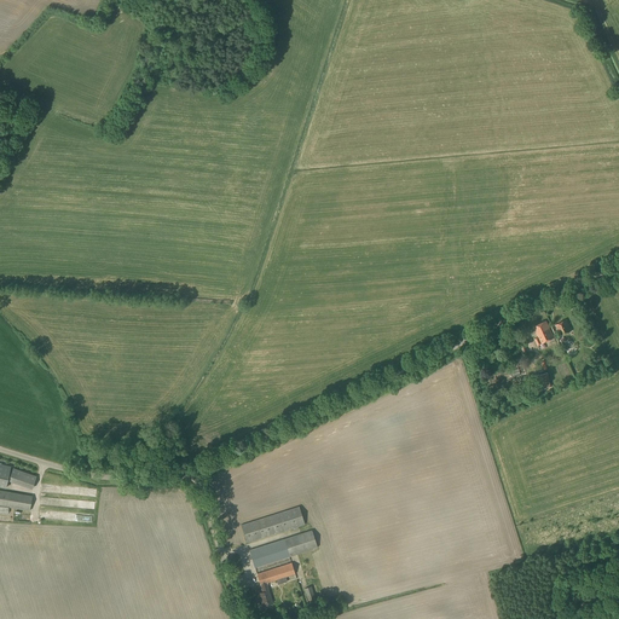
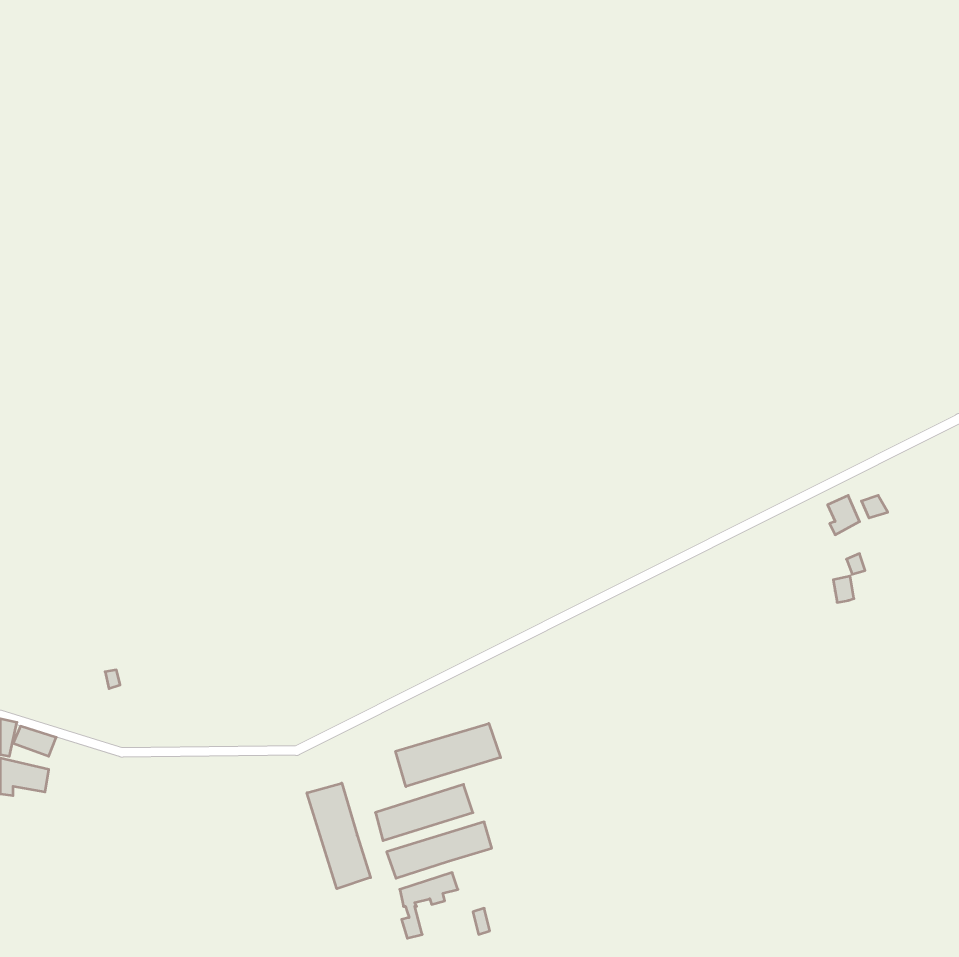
building: none -> [396,723,501,787]
building: none -> [307,783,371,889]

